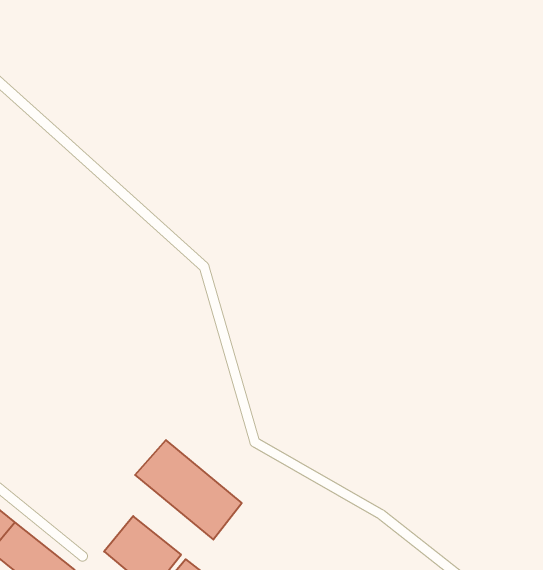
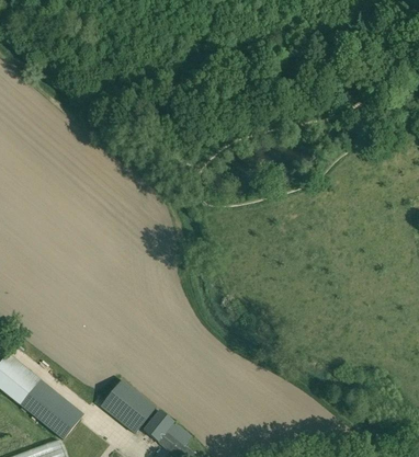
building: [135,440,242,540] -> none

